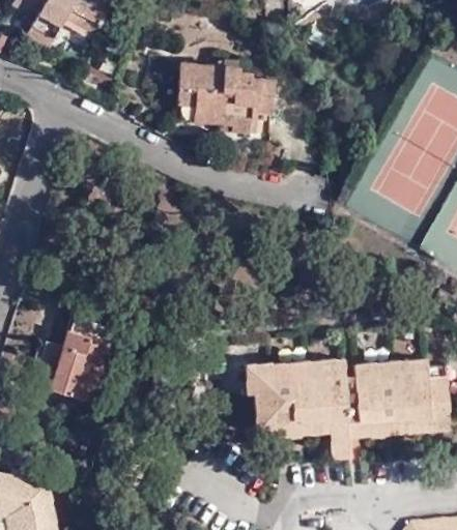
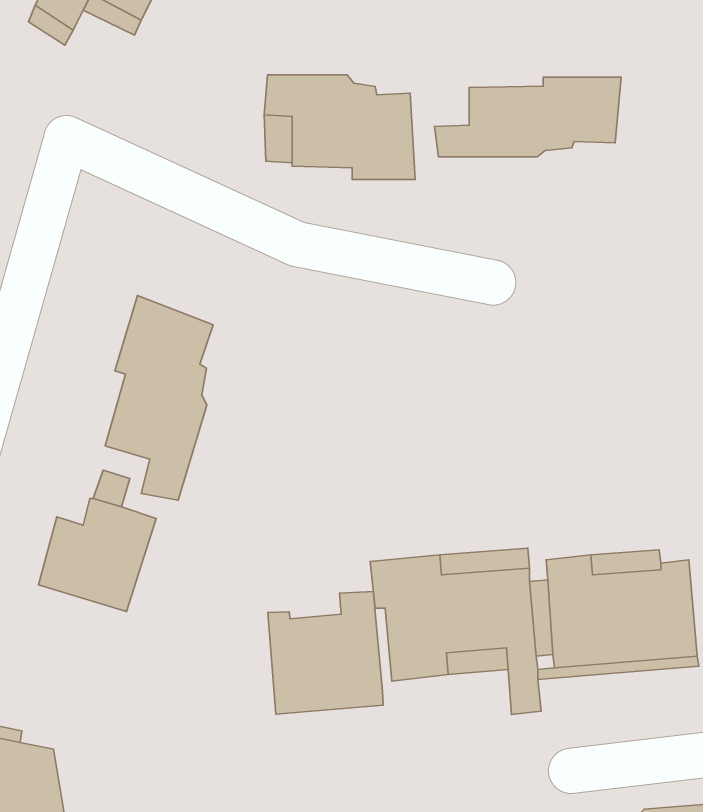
building: none -> [434,77,621,157]
building: none -> [105,296,213,500]
building: none -> [268,592,383,714]

